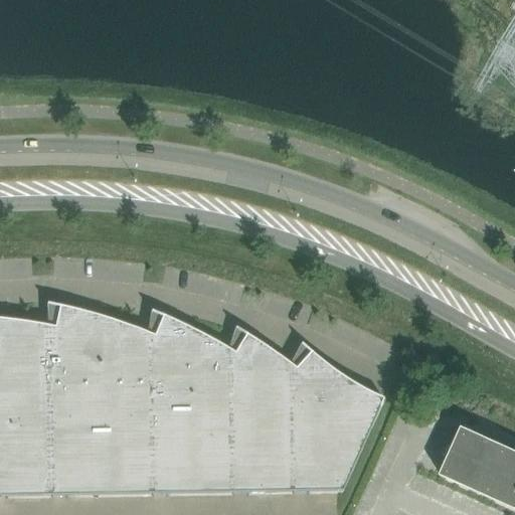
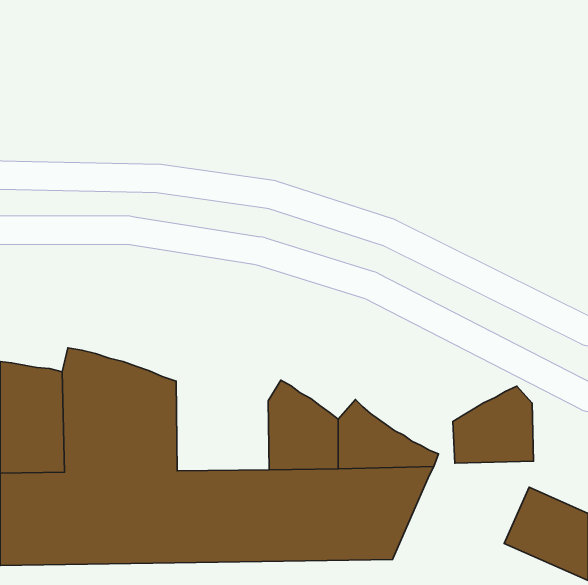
building: [154,313,235,411] -> none
building: none -> [453,386,533,463]

